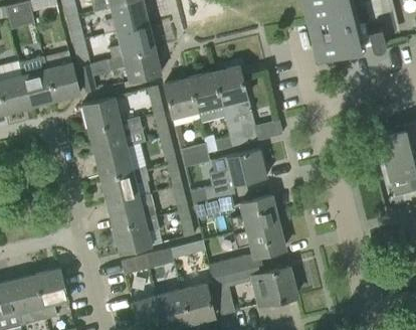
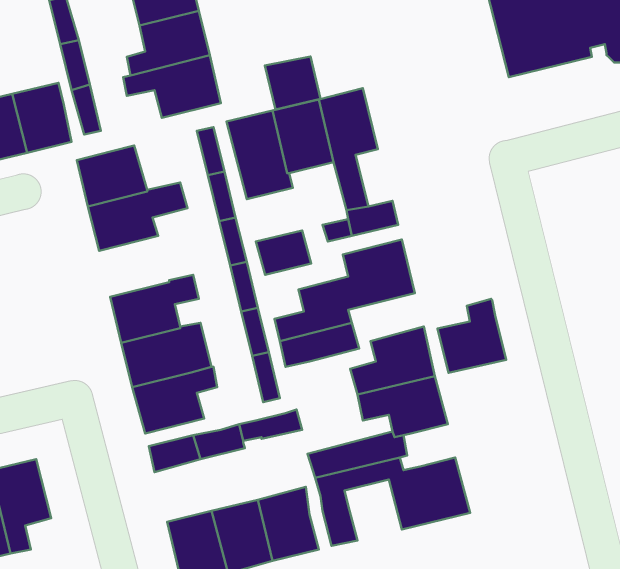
building: none -> [265,57,320,109]
building: [94,146,133,179] -> none
building: none -> [438,299,506,373]

